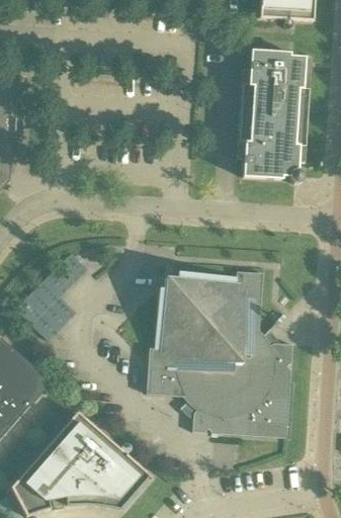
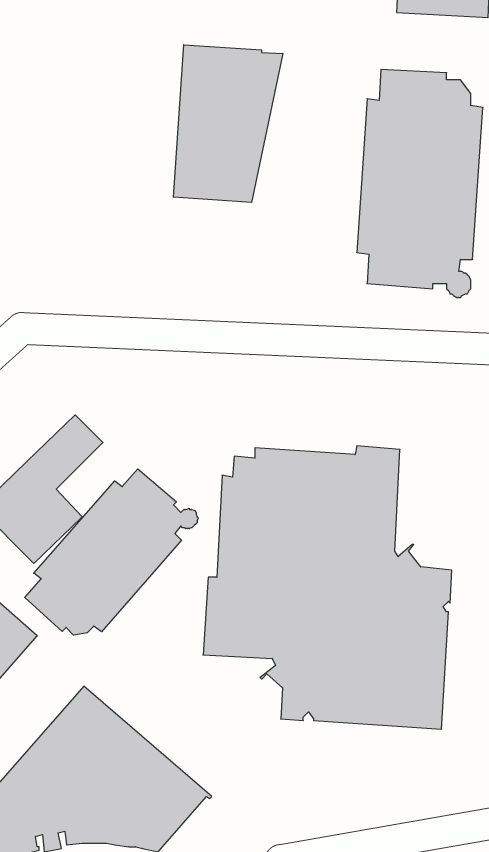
building: none -> [174,45,283,202]
building: none -> [25,469,198,635]

